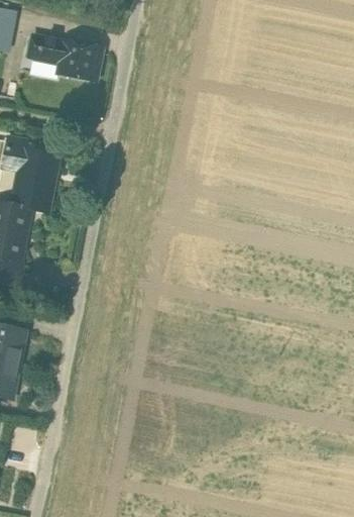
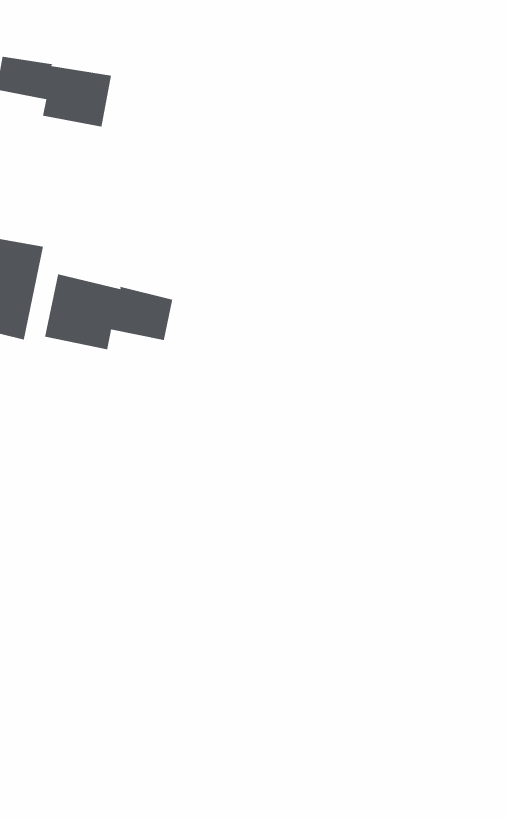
building: none -> [45,274,173,350]

